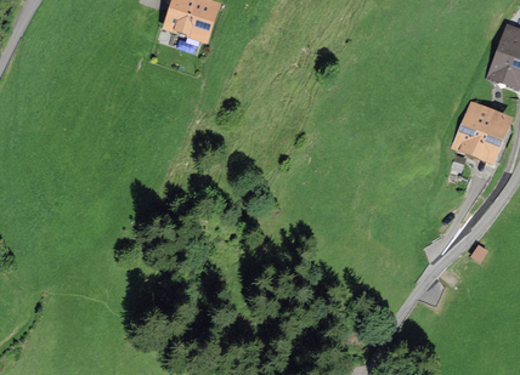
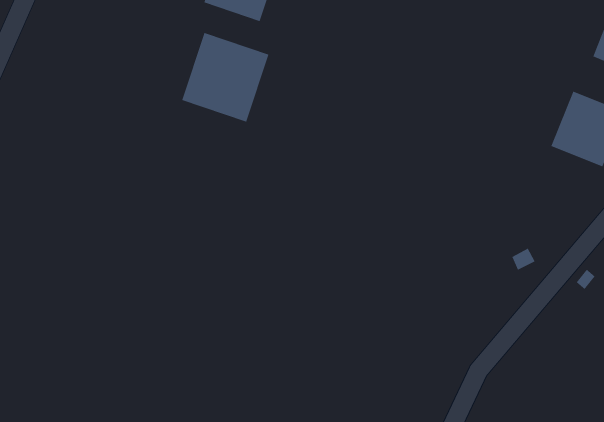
building: none -> [181,32,269,123]

